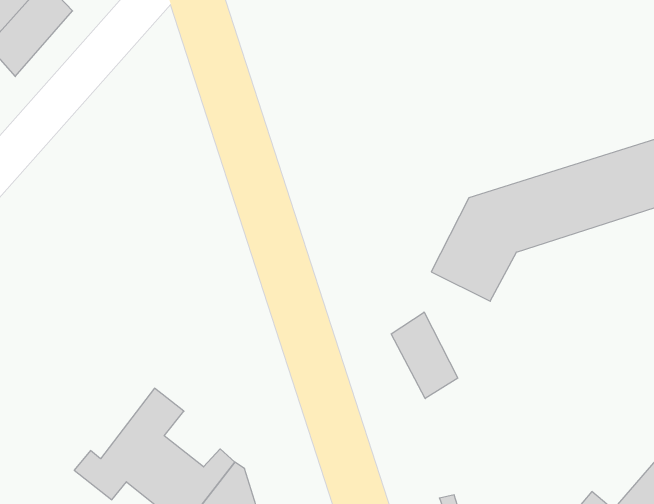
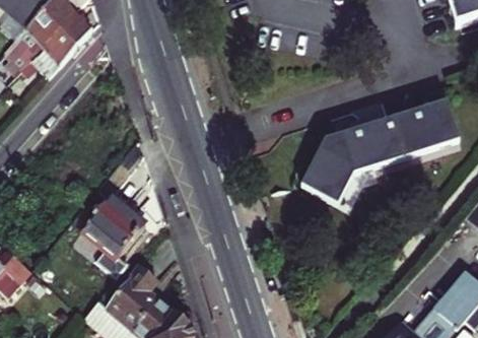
building: none -> [81,191,142,270]
building: [391,312,458,399] -> none

